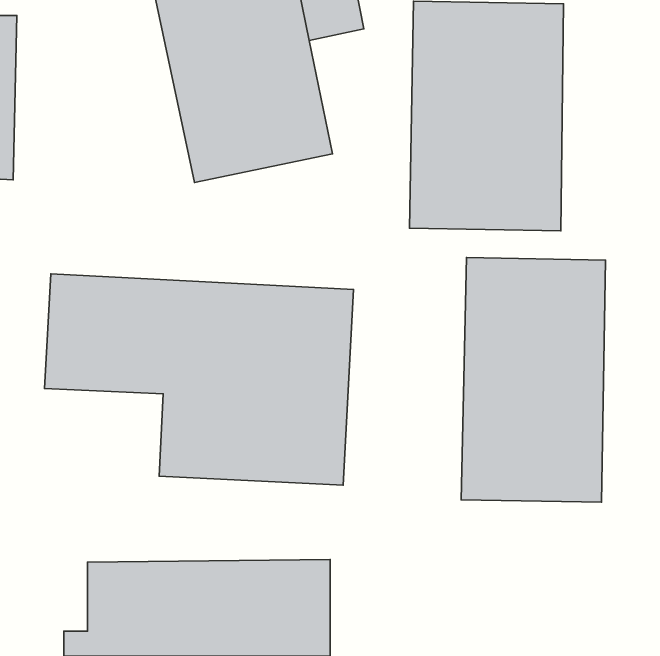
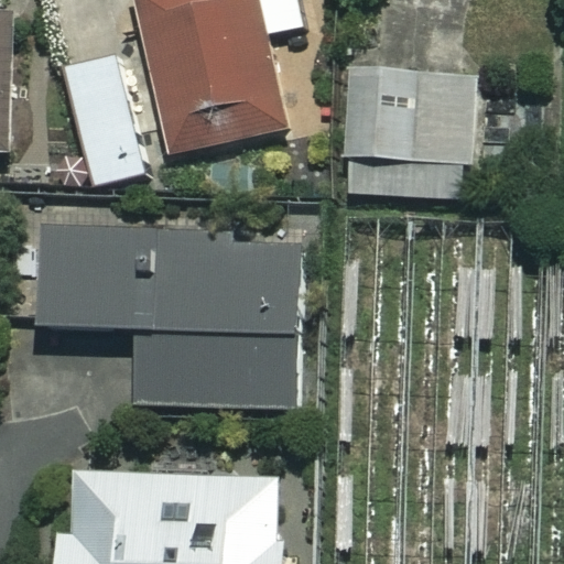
building: none -> [66,52,153,184]
building: [461,258,606,502] -> none

